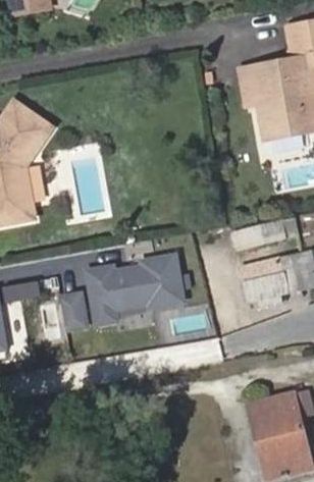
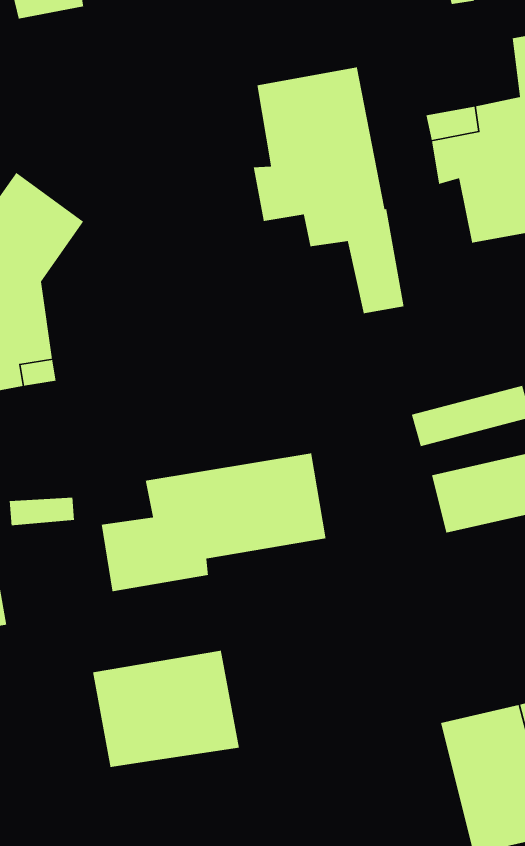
building: none -> [253,66,404,314]
building: none -> [92,650,240,768]

